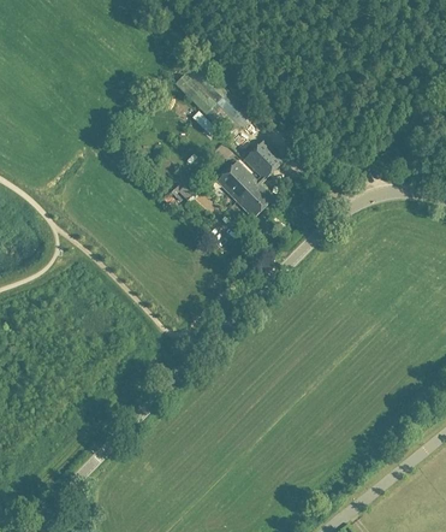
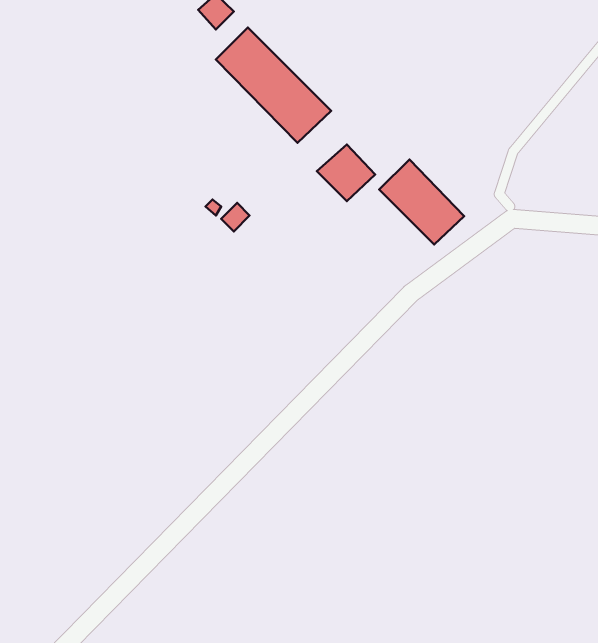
building: [215,160,273,218] -> [379,159,464,245]

